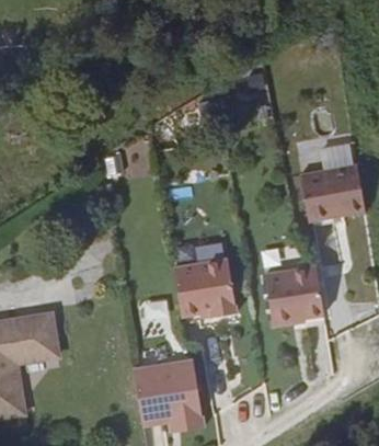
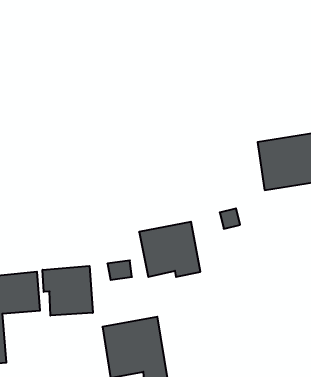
building: [264,265,325,327] -> none
building: none -> [43,266,93,316]

